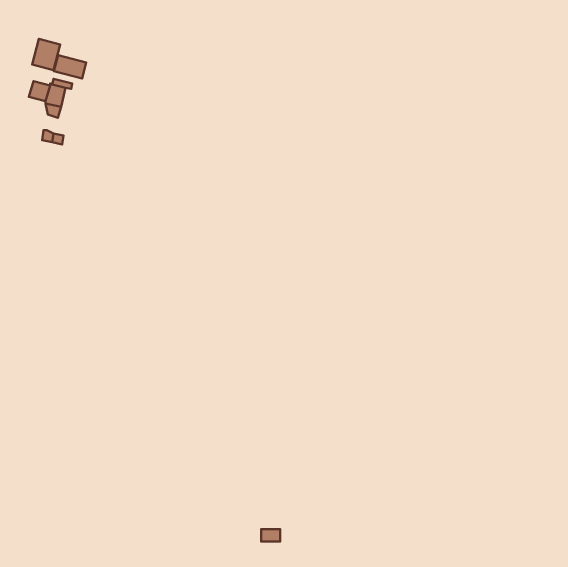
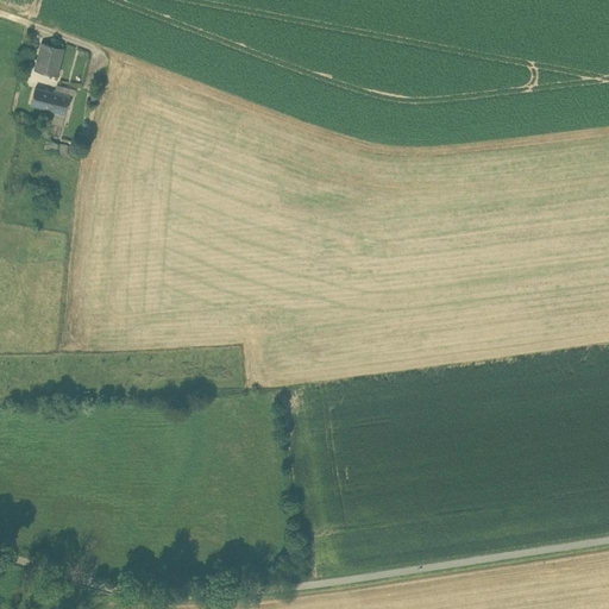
building: [54,55,86,79] -> none

